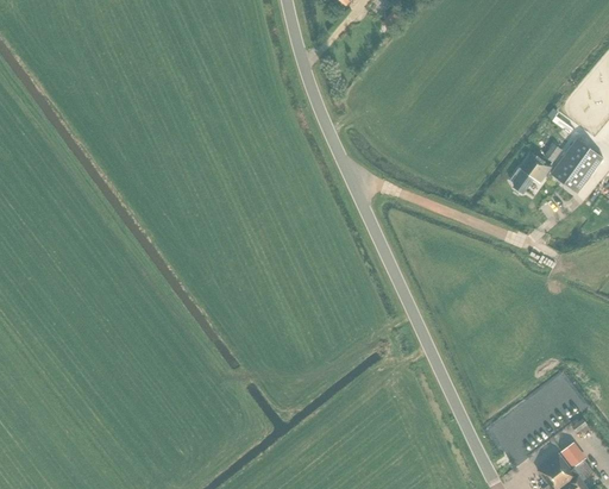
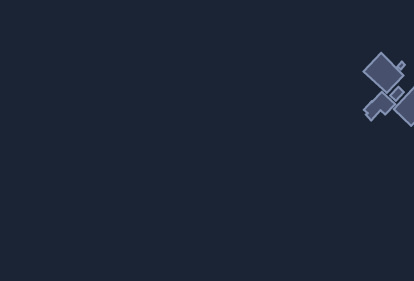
building: none -> [364,53,404,93]

